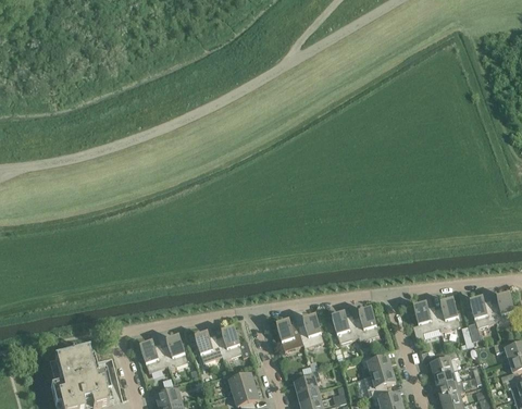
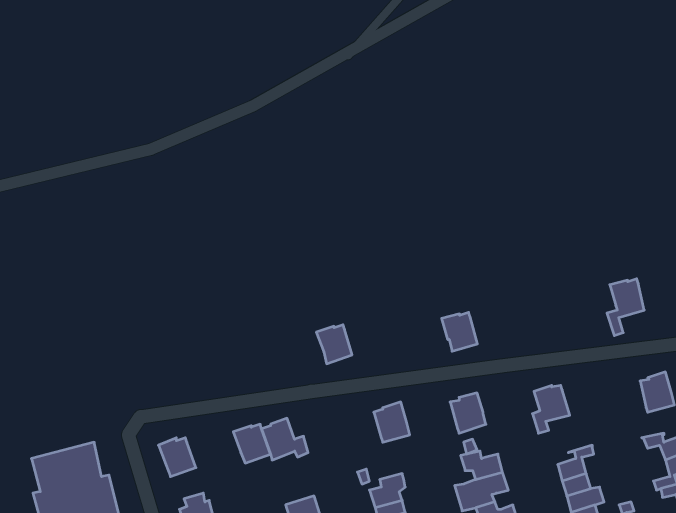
building: [468,297,495,338] -> [607,279,644,336]
building: [434,300,460,329] -> none
building: [332,312,358,340] -> [442,312,477,351]
building: [276,320,302,348] -> [316,325,352,364]
building: [161,336,187,367] -> none
building: [223,367,253,391] -> none

